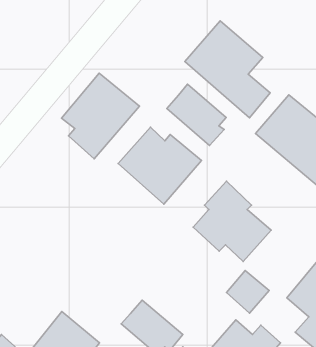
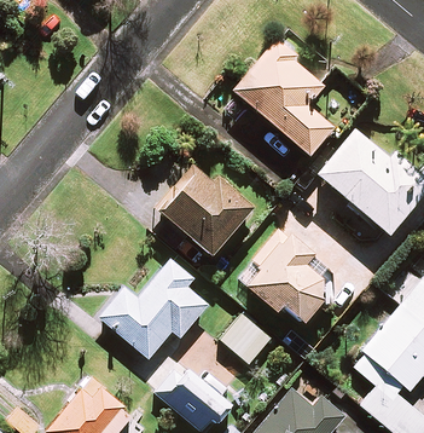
building: [61,73,140,159] -> none
building: [167,84,226,146] -> none
building: none -> [99,259,208,357]
building: [227,271,269,313] -> [222,313,272,363]

